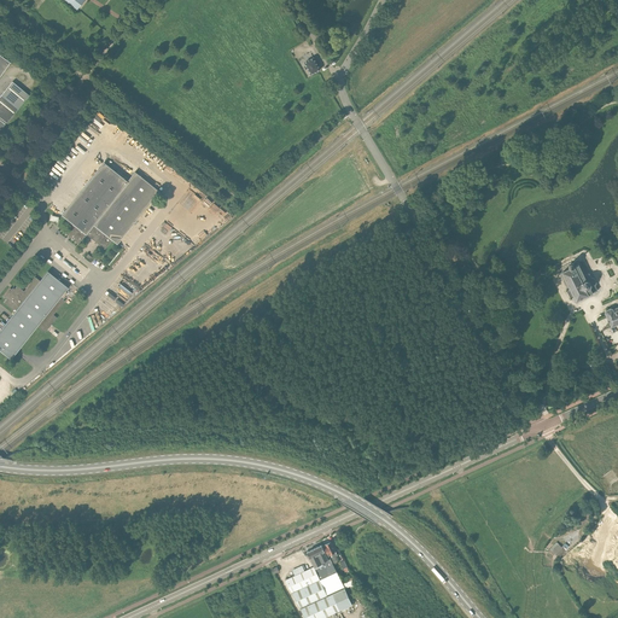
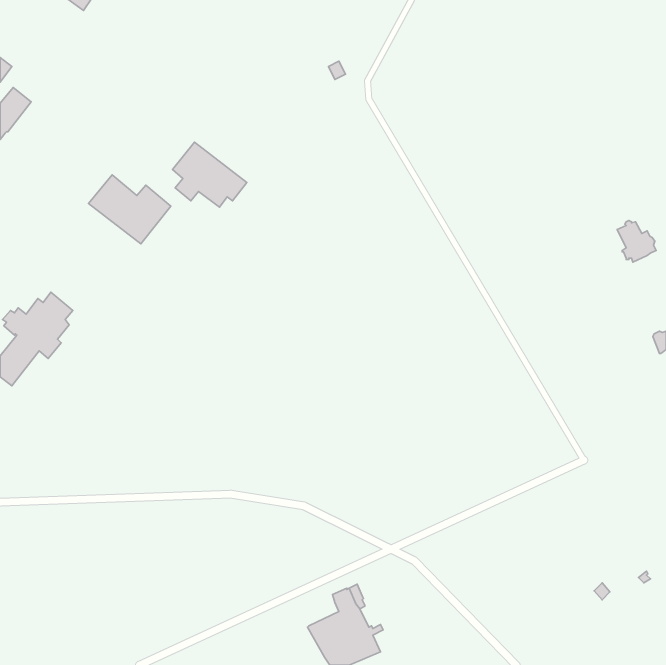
building: [62,188,130,249] -> [173,142,247,207]
building: [561,262,597,301] -> [617,220,656,262]

